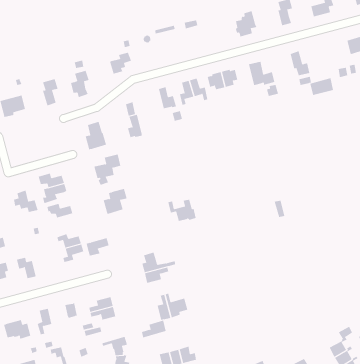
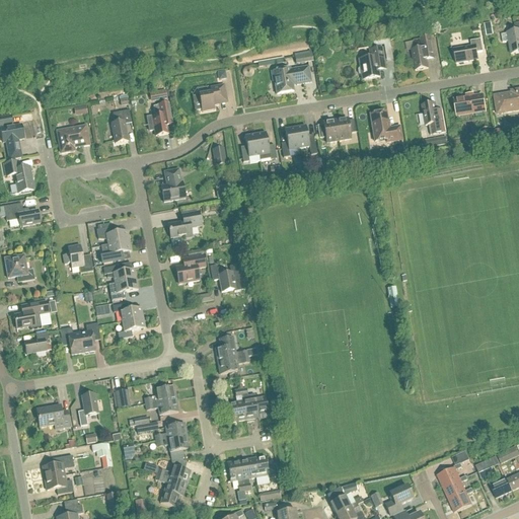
building: none -> [271,64,311,91]
building: [310,77,334,95] -> [455,92,485,113]
building: [127,114,143,138] -> [241,132,260,160]
building: [167,199,197,222] -> [210,263,244,289]
building: [86,237,110,256] -> [108,277,138,298]
building: none -> [80,320,99,351]
building: [141,320,166,338] -> [155,421,187,441]

